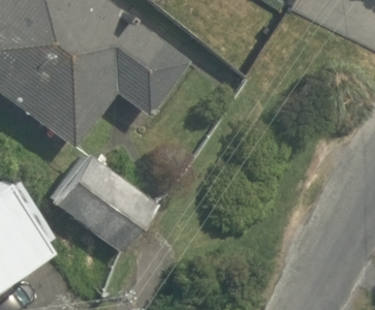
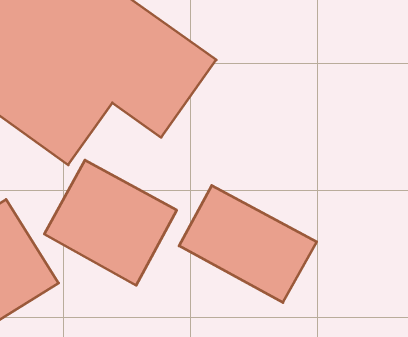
building: none -> [179,185,317,303]

